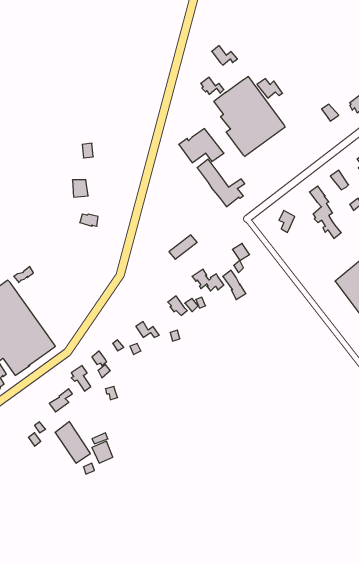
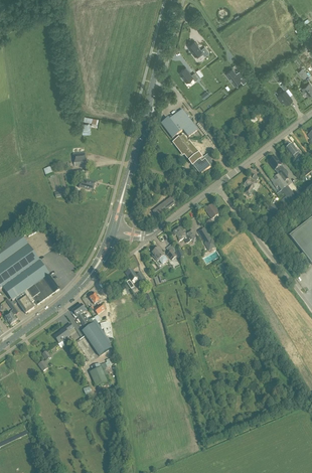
building: [214,76,285,157] -> none
building: [55,422,90,463] -> [82,321,111,355]

